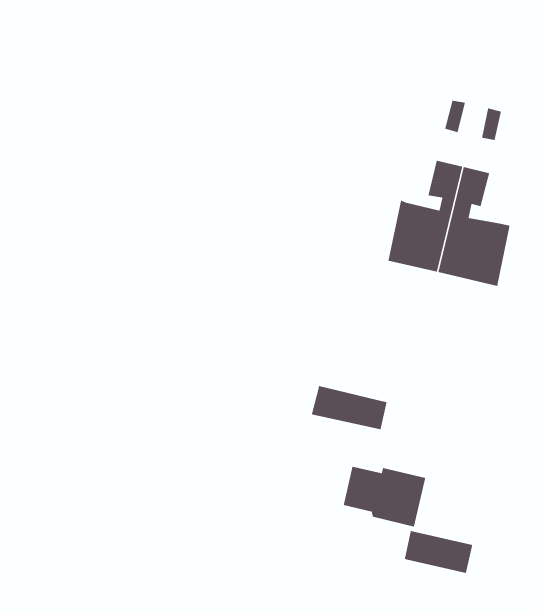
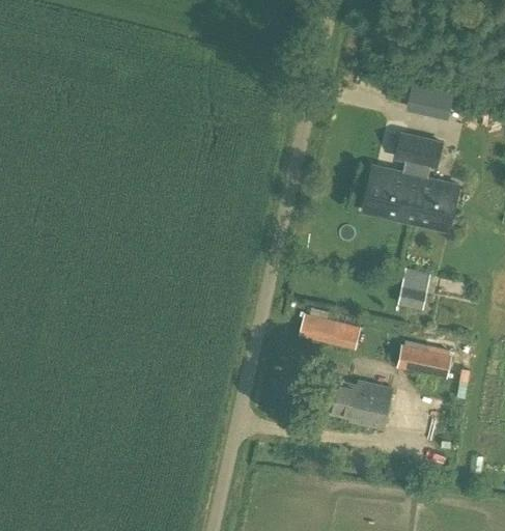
building: none -> [397,268,431,310]
building: [404,530,473,574] -> [396,343,452,379]

